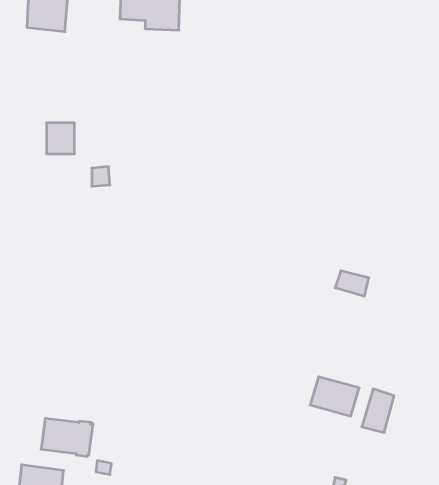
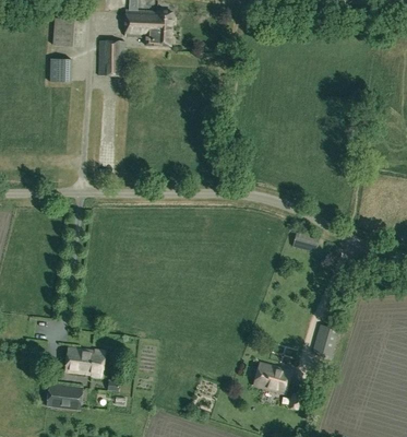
building: none -> [97,39,123,74]
building: [46,123,75,154] -> [49,58,71,82]
building: [310,377,359,416] -> [252,362,290,392]

